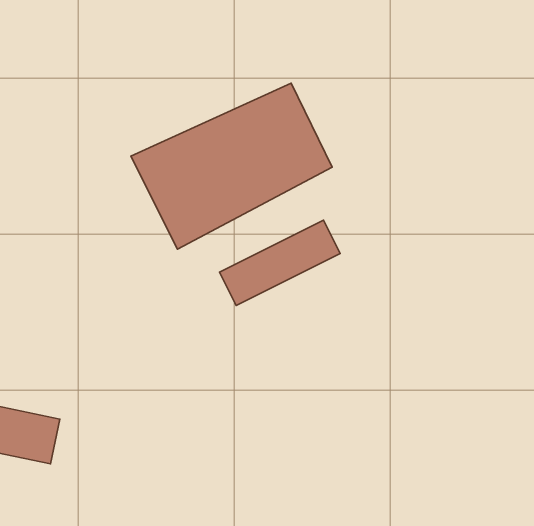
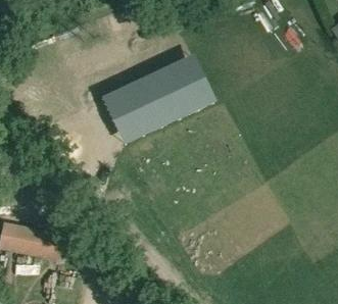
building: [219,220,340,306] -> none

